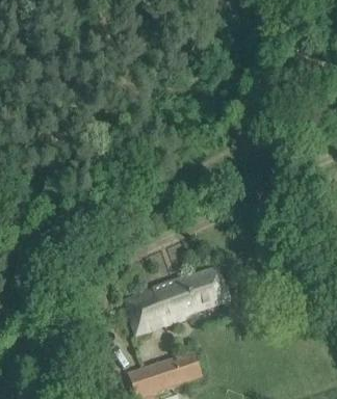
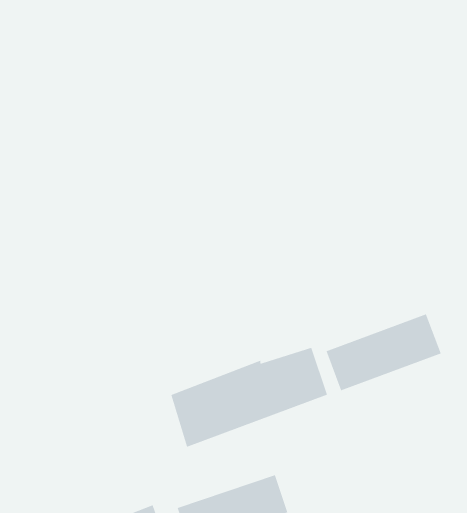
building: none -> [326,314,441,391]

